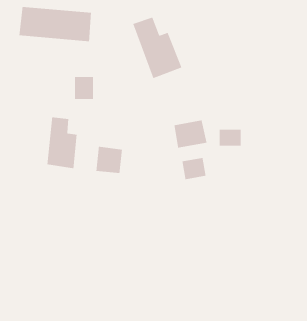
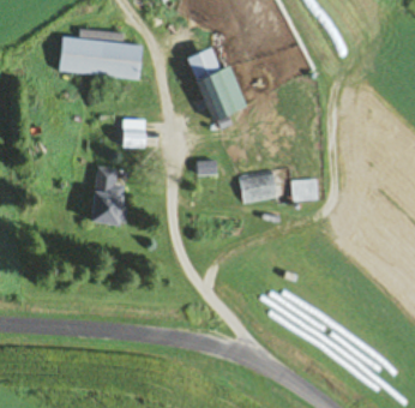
building: [96,146,123,174] -> none
building: [182,157,206,180] -> none

